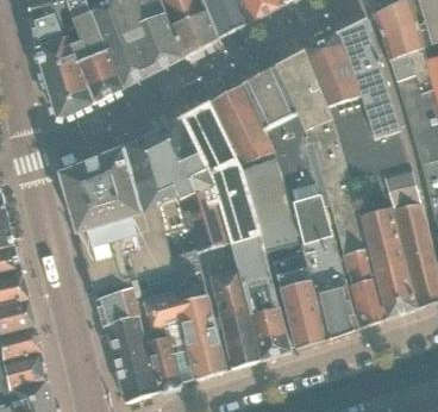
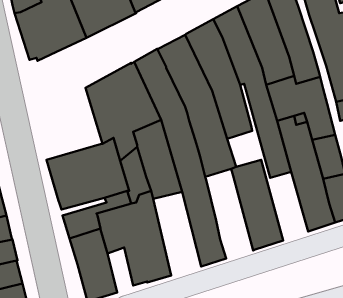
building: [58,145,142,231] -> none
building: [290,196,331,239] -> none
building: [342,245,387,325] -> none
building: [273,250,321,348] -> none
building: [202,269,259,369] -> none
building: [148,336,180,389] -> none

